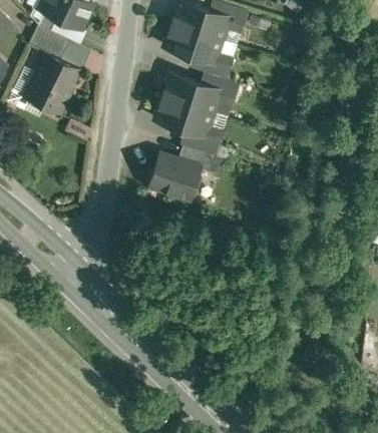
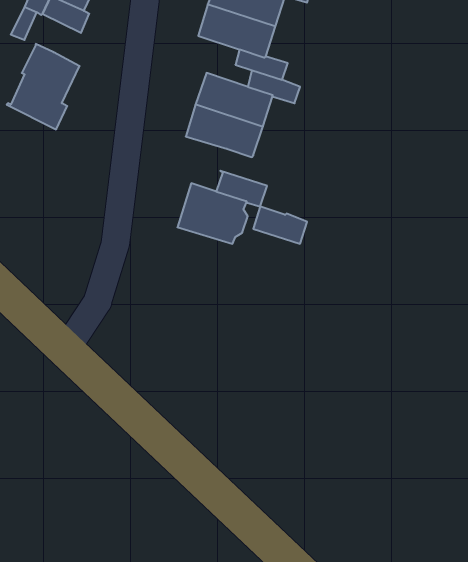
building: [39,30,69,59] -> none
building: [181,129,221,156] -> [253,207,307,244]

